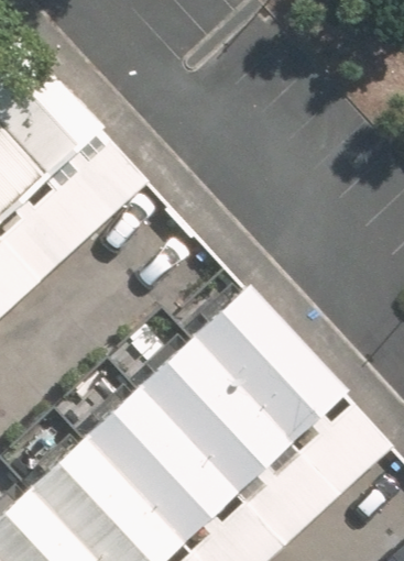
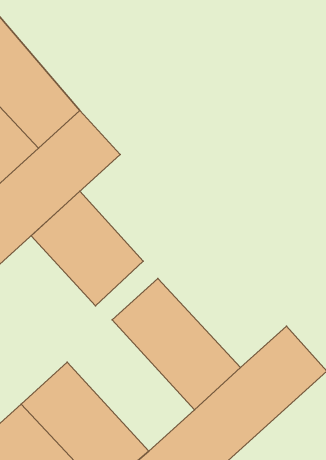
building: none -> [31,191,143,306]
building: [192,286,346,443] -> none
building: [83,386,236,543] -> none

